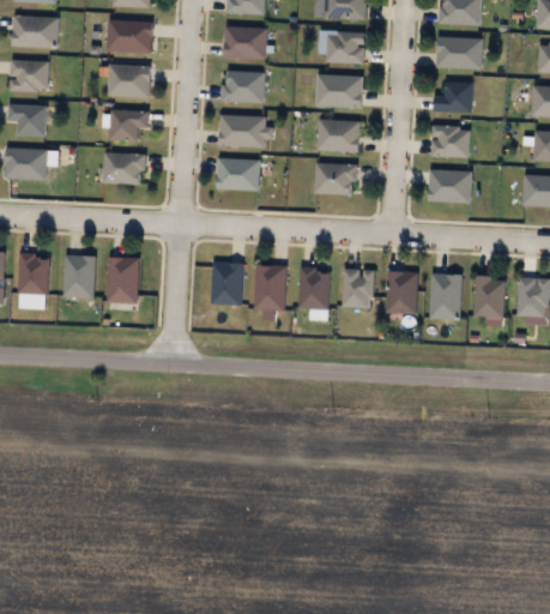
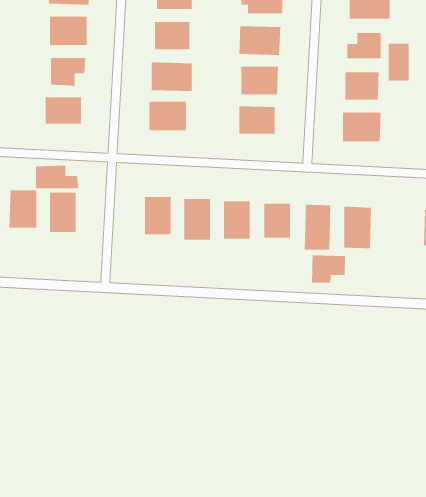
building: none -> [388,43,409,81]
building: none -> [35,165,79,189]
building: [475,276,504,318] -> none
building: none -> [311,255,346,284]

